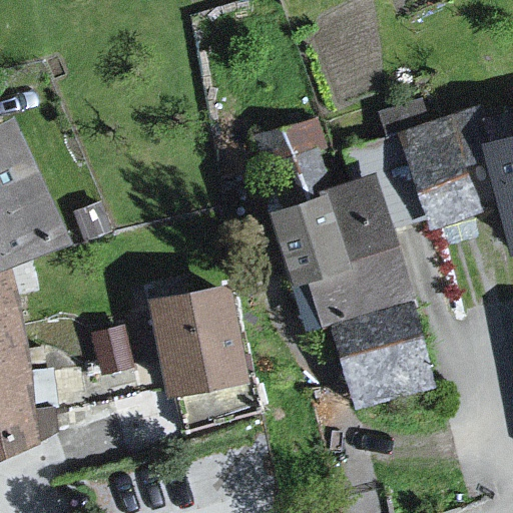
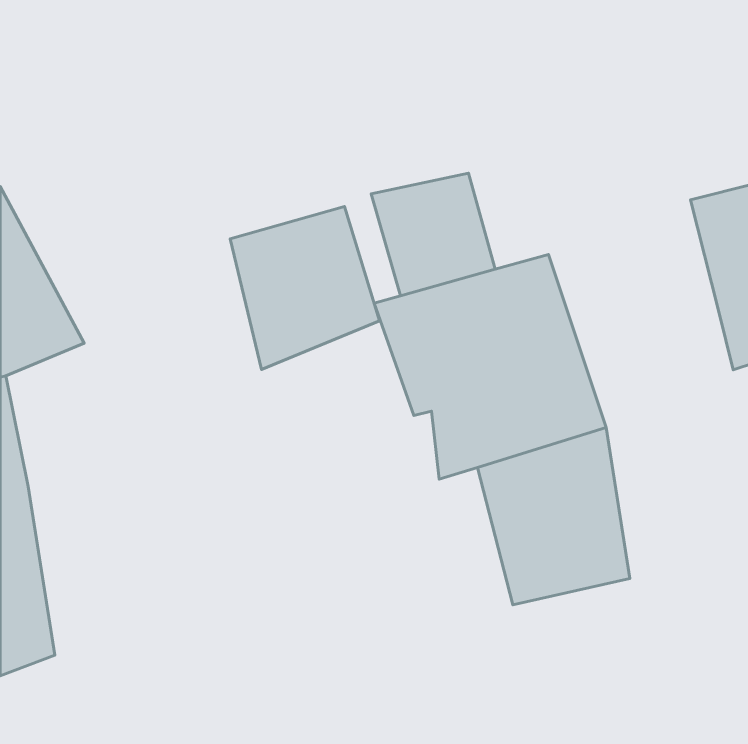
building: [398,110,492,219] -> none
building: none -> [230,207,379,369]
building: [145,280,258,422] -> none

